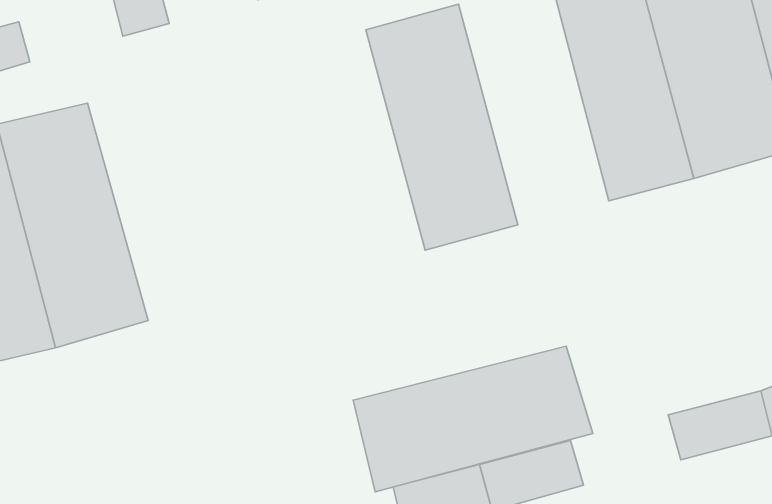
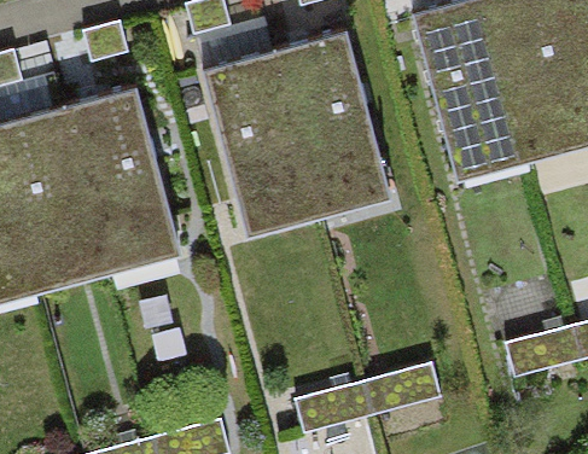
building: none -> [202,51,321,237]
building: none -> [66,87,181,270]
building: [353,346,593,492] -> none

